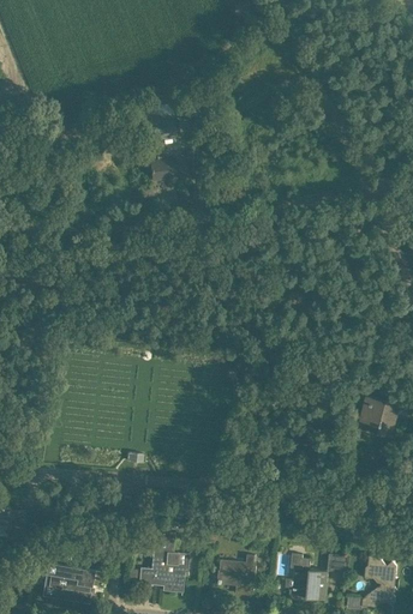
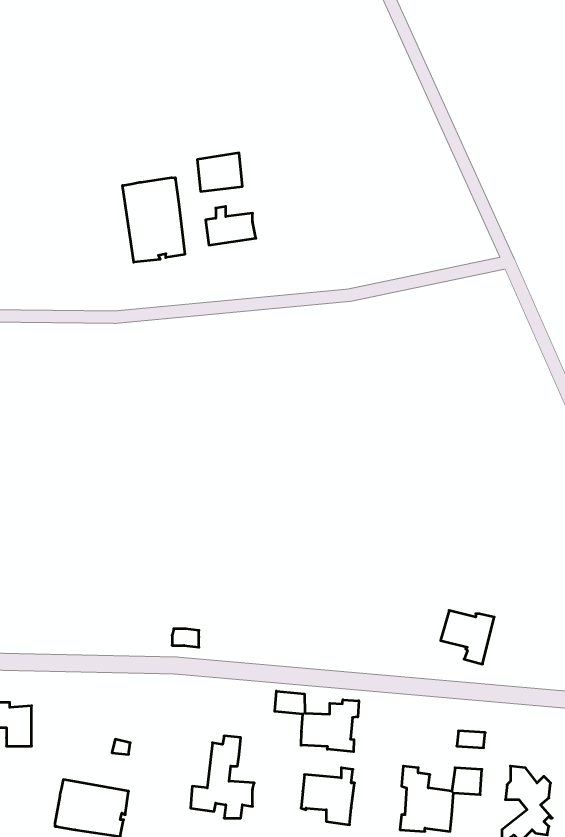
building: none -> [123,178,185,262]
building: [361,397,400,435] -> [441,610,494,664]
building: none -> [275,691,359,752]

